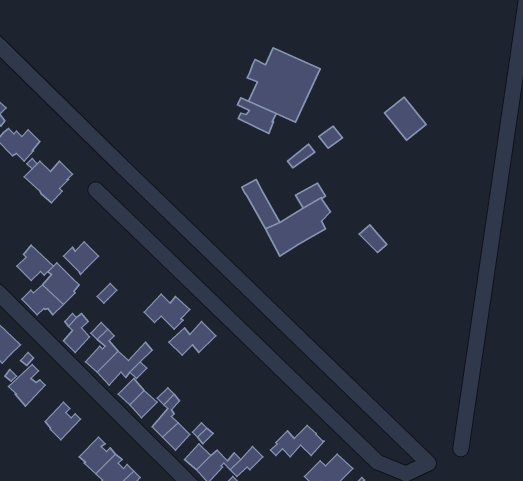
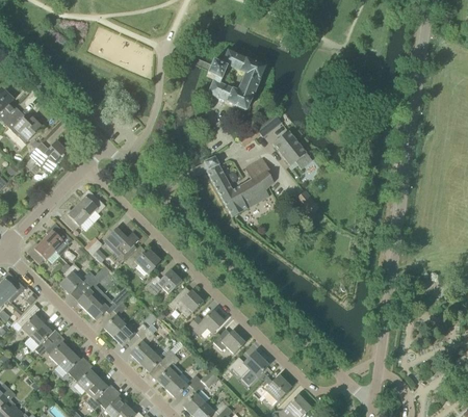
building: [384,97,426,140] -> [272,131,306,165]
building: [238,98,276,134] -> none
building: [17,245,53,280] -> [76,189,105,217]
building: none -> [103,228,138,261]
building: none -> [168,289,203,317]
building: none -> [188,311,223,335]
building: none -> [29,320,59,355]
building: none -> [213,331,243,354]
building: none -> [57,347,87,377]

